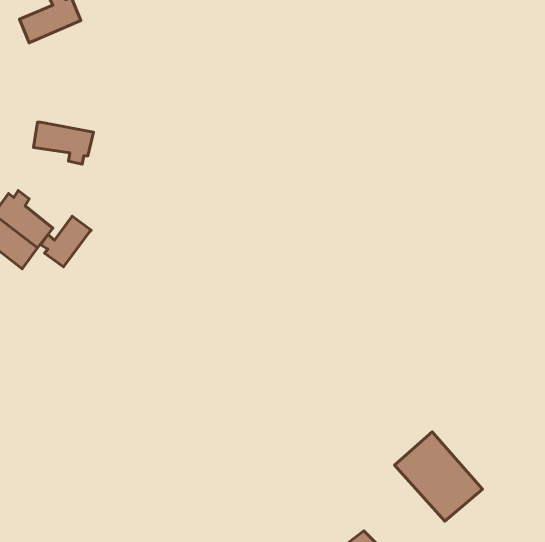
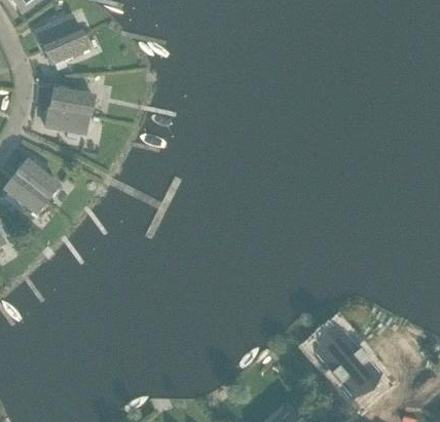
building: none -> [44,30,89,68]
building: none -> [50,82,95,113]
building: [41,216,91,267] -> none

